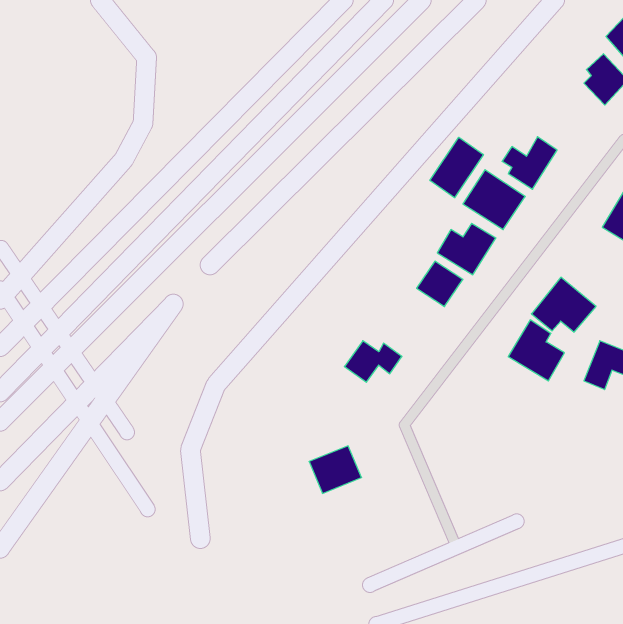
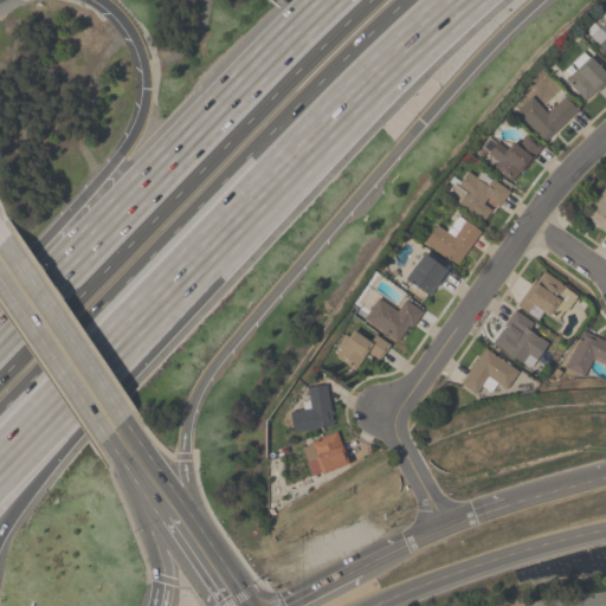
building: none -> [515,96,579,143]
building: [430,137,483,198] -> none
building: none -> [362,296,423,343]
building: none -> [462,348,521,397]
building: none -> [290,386,334,433]

